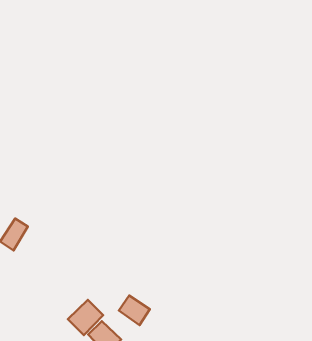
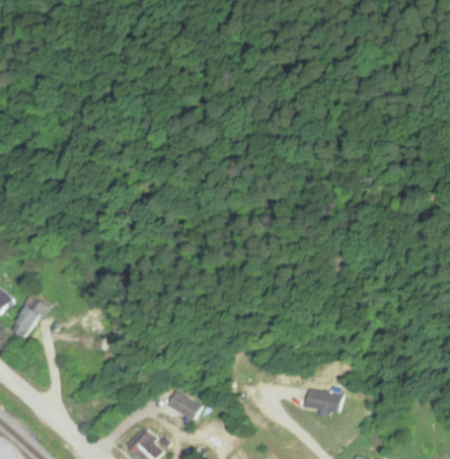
building: none -> [308,390,344,408]
building: [68,300,103,335] -> none

